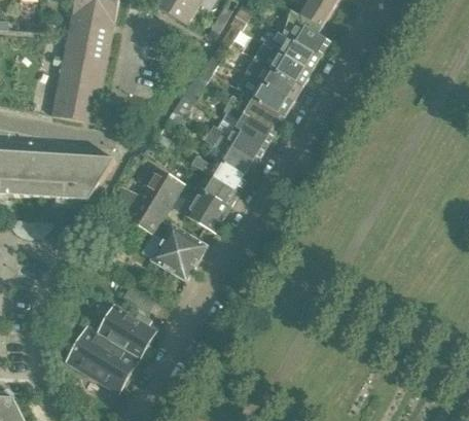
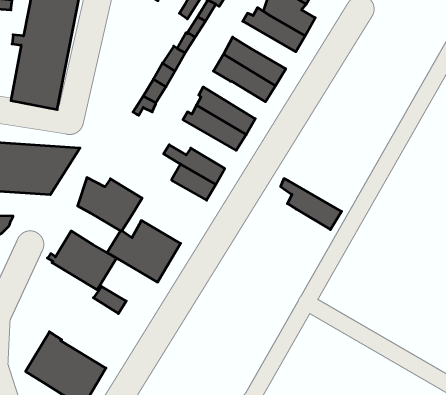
building: [253,42,311,85] -> none
building: [226,95,283,131] -> none
building: [201,130,256,176] -> [281,179,342,230]
building: [142,166,182,203] -> none
building: [183,187,229,232] -> none
building: [93,304,155,357] -> [47,231,116,290]

